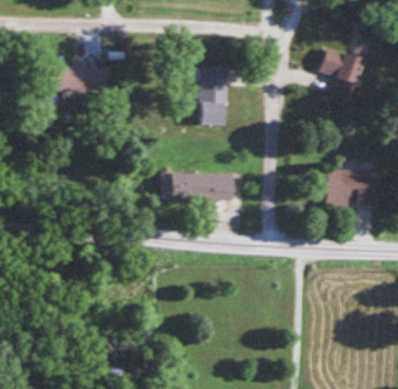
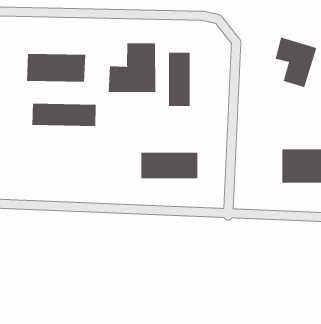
building: none -> [108,43,156,93]
building: none -> [32,103,96,127]

